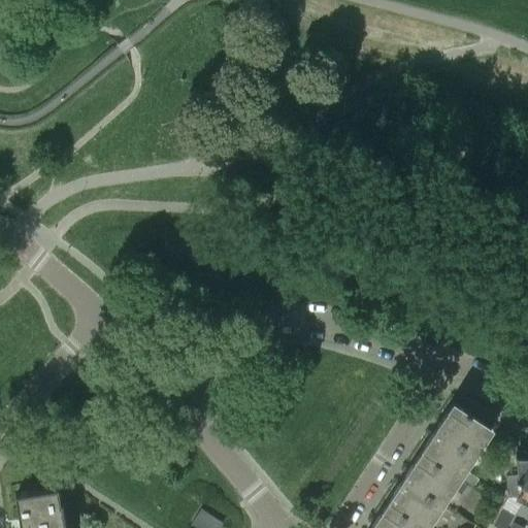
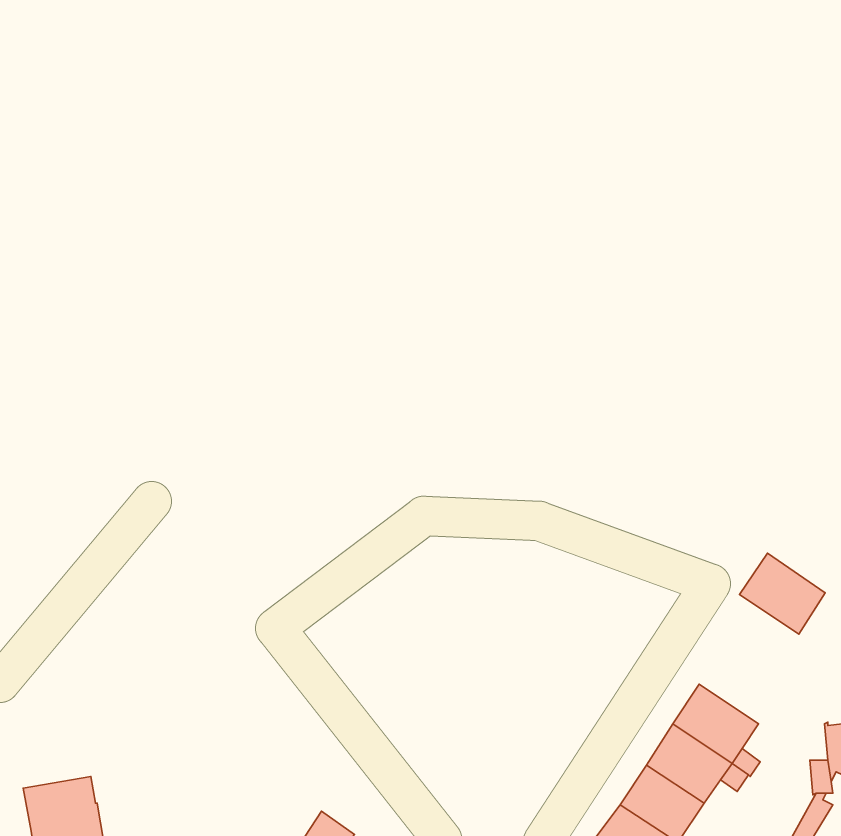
building: [438,406,492,457] -> [739,553,825,634]

